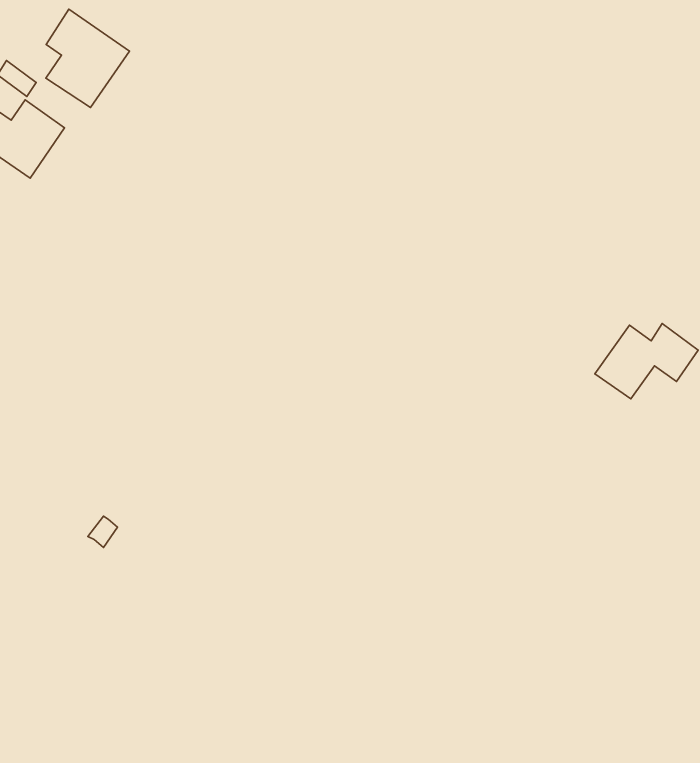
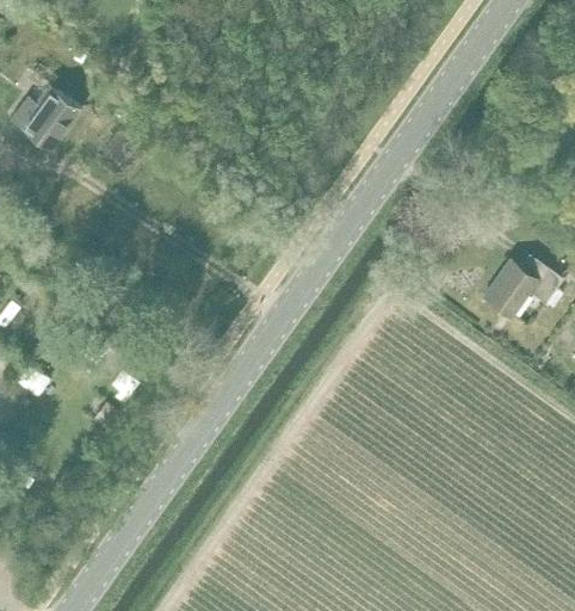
building: [46,9,129,108] -> none

